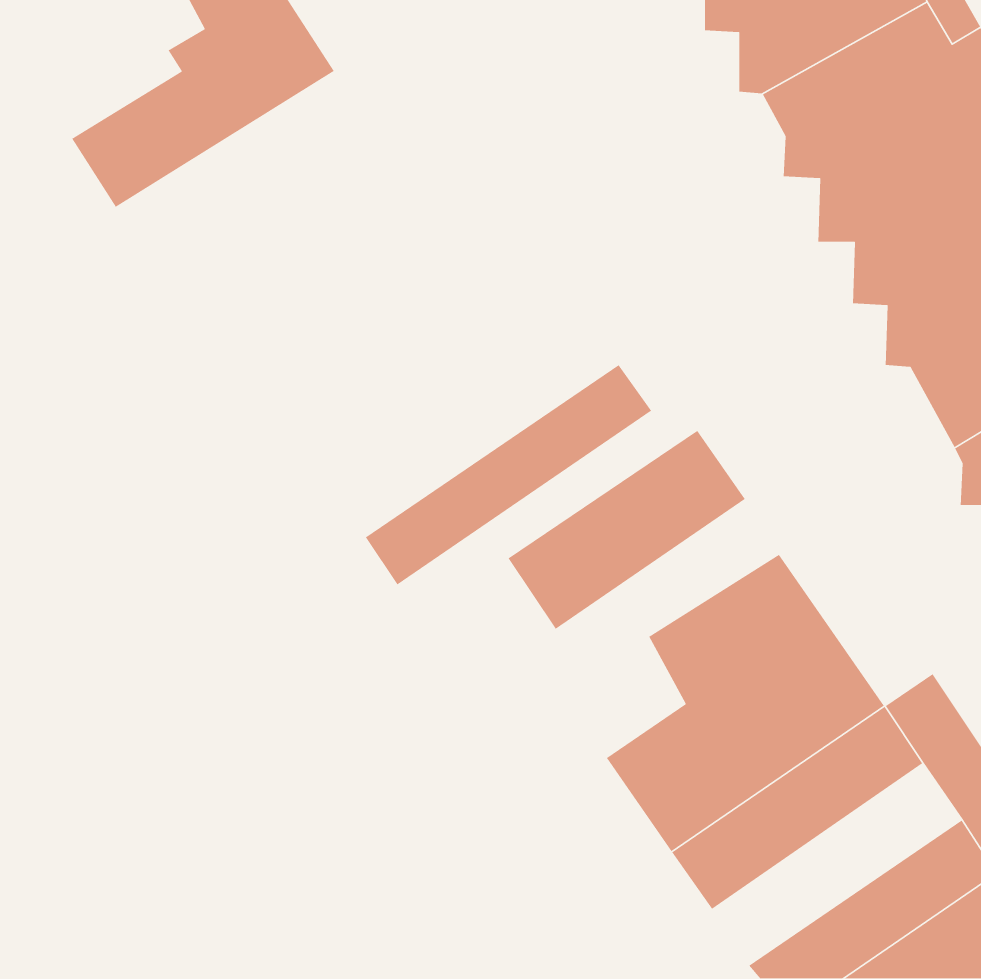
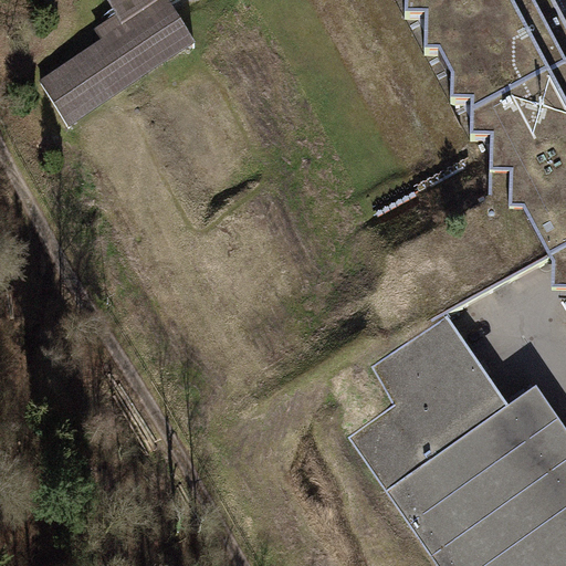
building: [365,364,652,586] -> none
building: [507,430,746,630] -> none
building: none -> [410,439,554,555]

